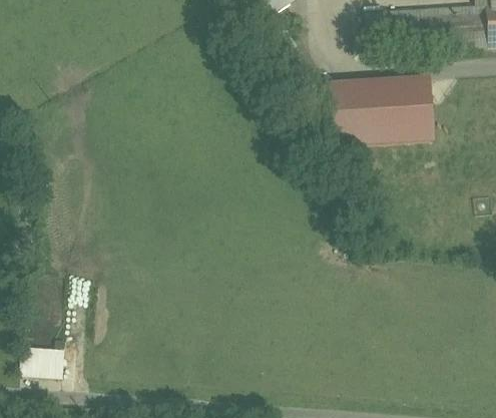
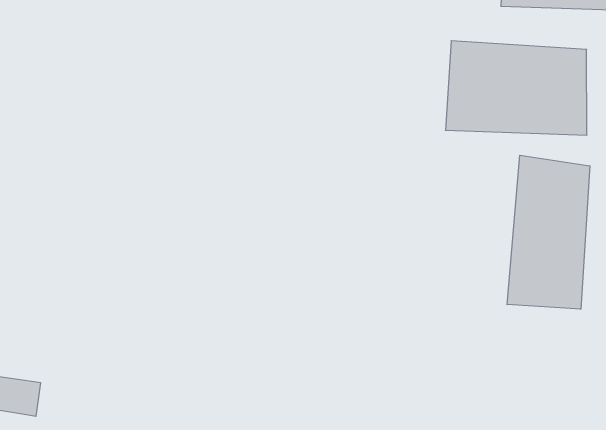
building: none -> [507,155,590,309]

